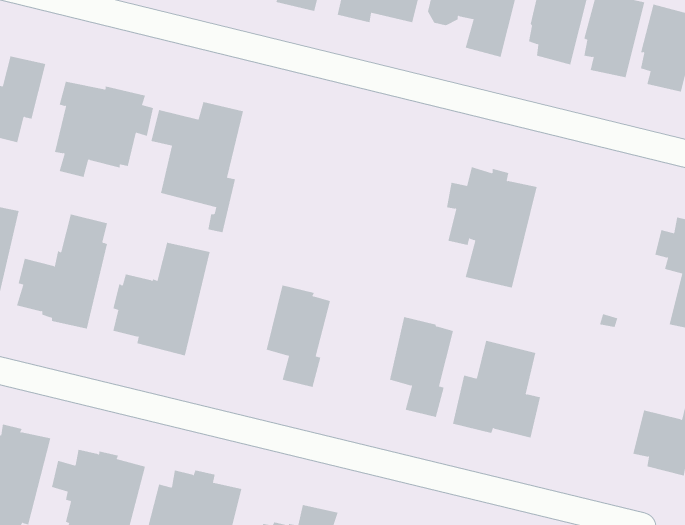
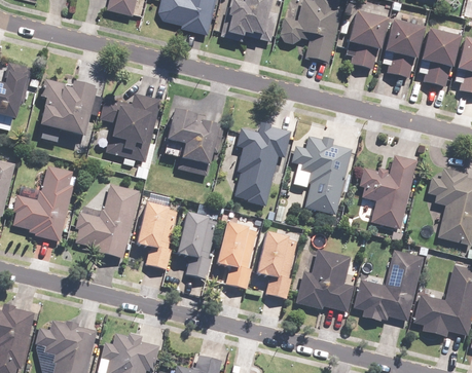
building: none -> [164,110,224,176]
building: none -> [234,121,291,206]
building: none -> [359,154,417,229]
building: none -> [135,202,177,269]
building: none -> [215,222,256,289]
building: none -> [353,250,423,320]

